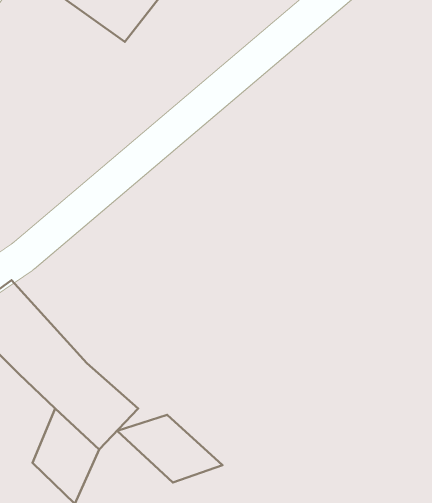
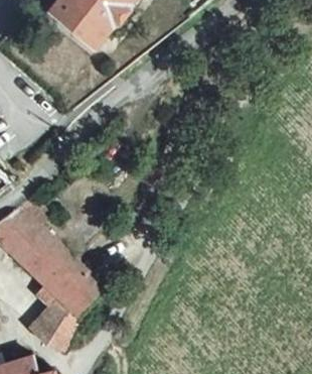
building: [117,415,222,482] -> none

